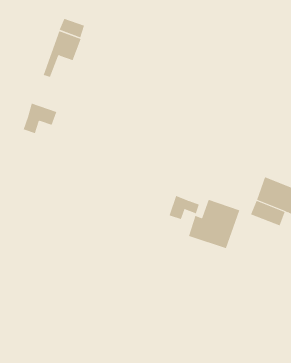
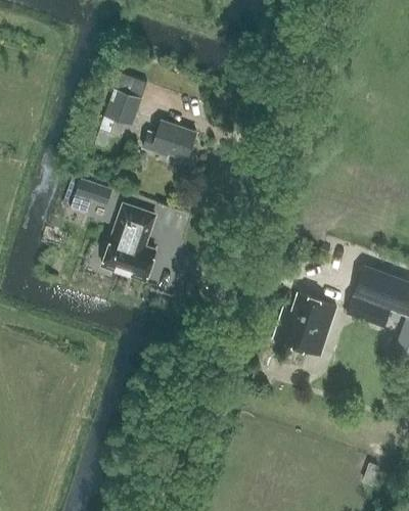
building: none -> [143,120,196,158]
building: none -> [102,203,155,280]
building: [169,195,200,220] -> none

